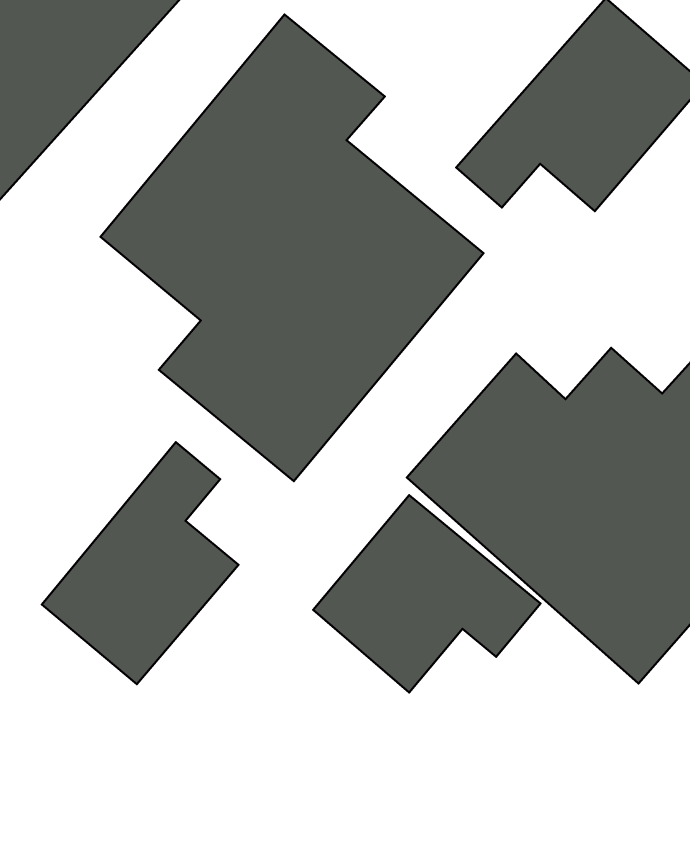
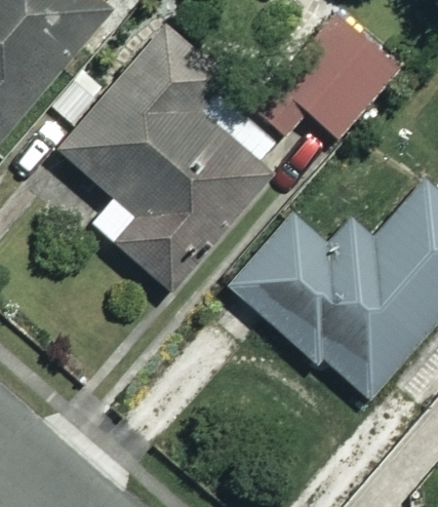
building: [42,442,238,684] -> none
building: [313,495,540,692] -> none

